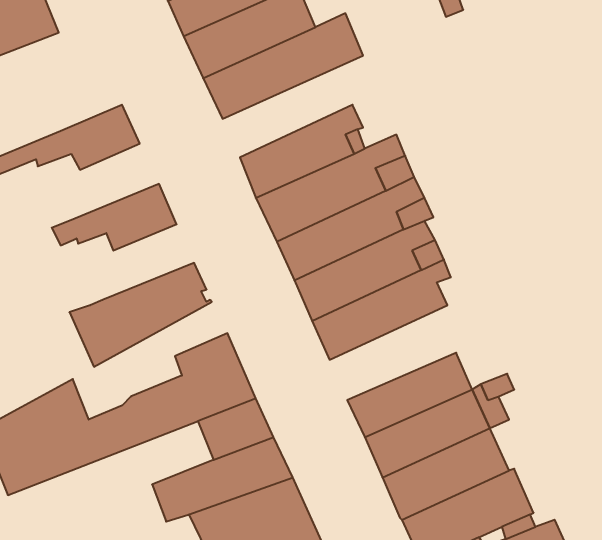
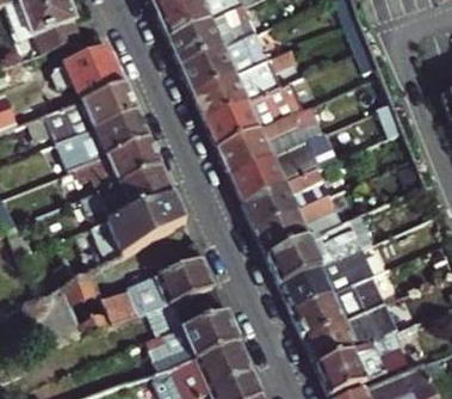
building: none -> [52,47,125,102]
building: none -> [193,49,302,119]
building: none -> [78,110,150,162]
building: none -> [75,165,174,220]
building: none -> [266,216,366,284]

